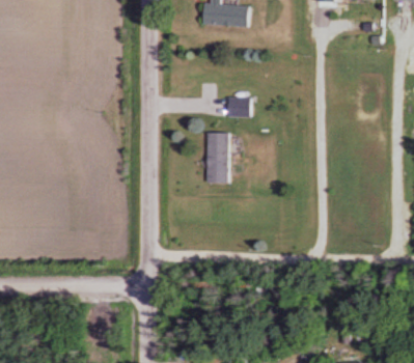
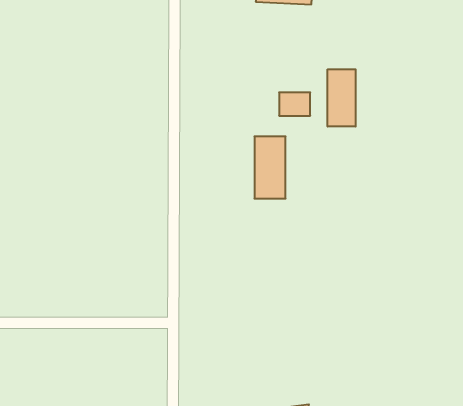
building: none -> [328,69,356,127]

